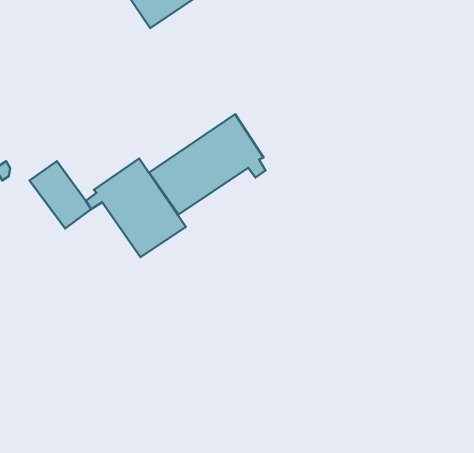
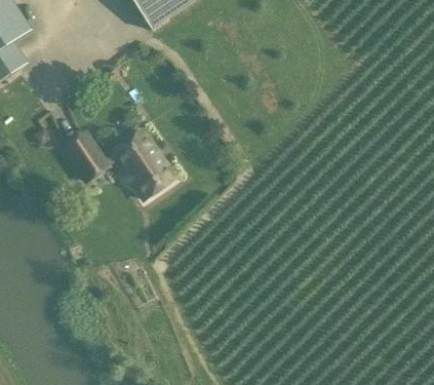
building: [149,114,266,214] -> none

